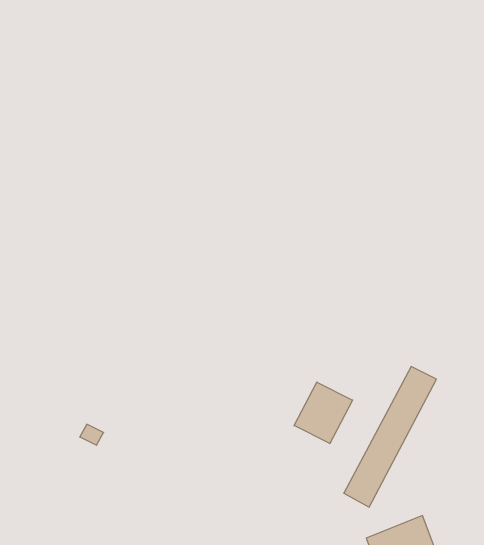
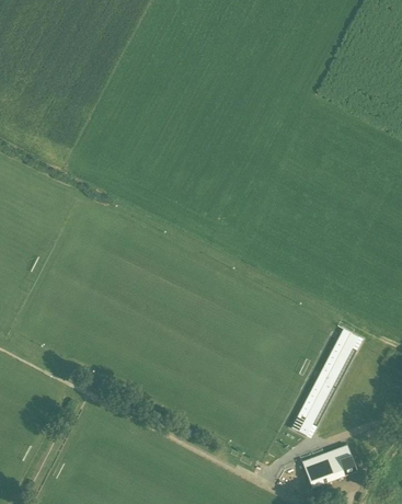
building: [294,382,353,444] -> none

